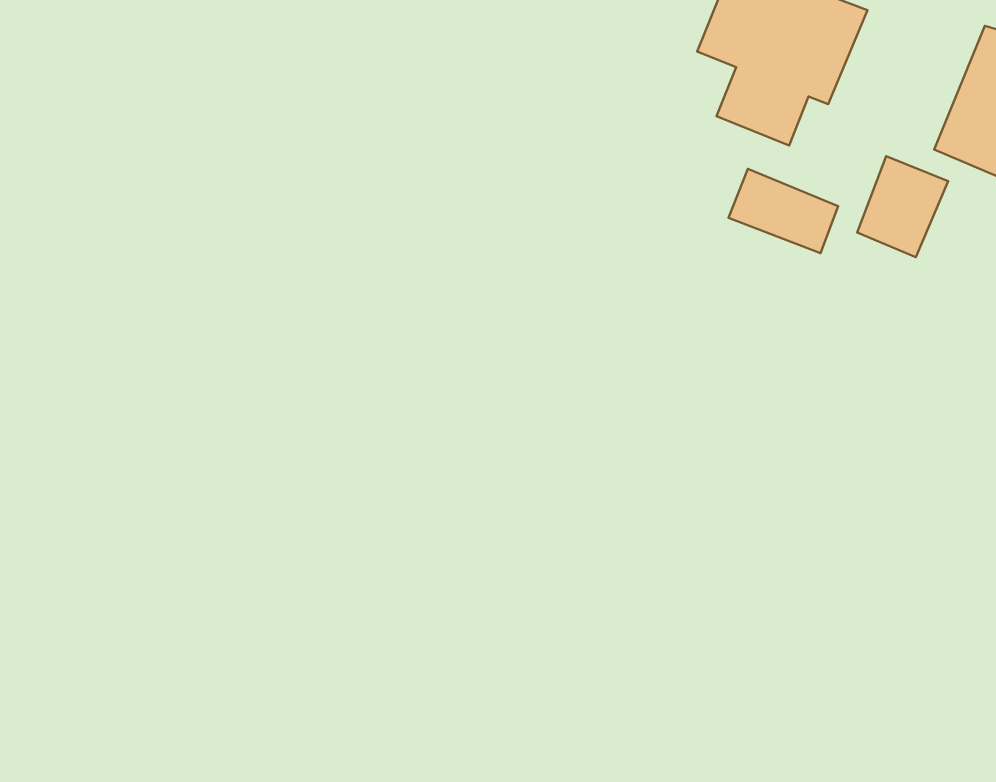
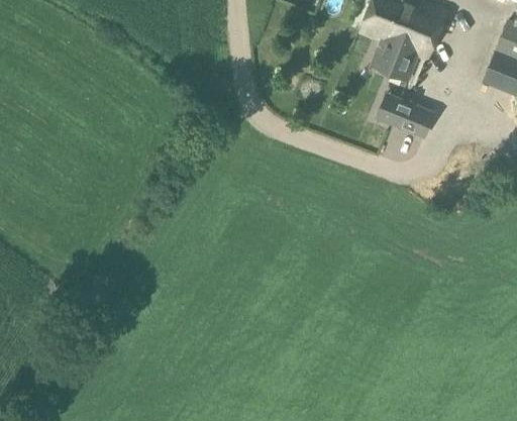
building: [857,156,948,257] -> none

